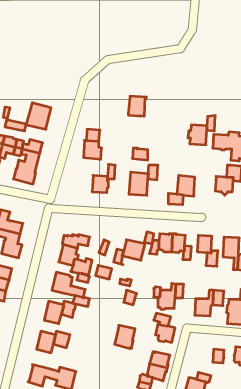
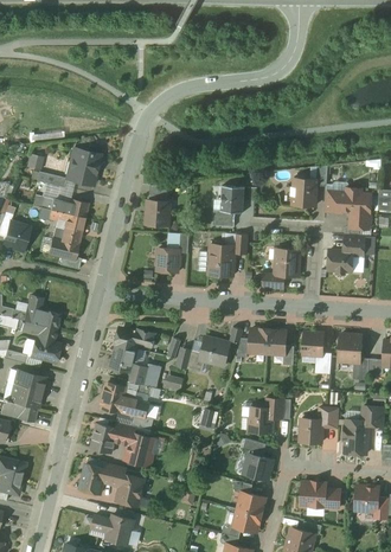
building: [128,96,146,116] -> [220,186,245,213]
building: [115,325,135,348] -> [127,434,155,466]
building: none -> [118,475,145,506]
building: none -> [300,482,326,508]

